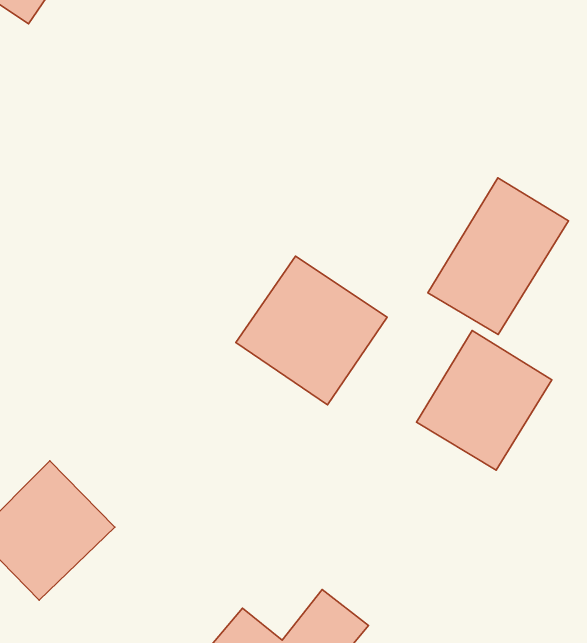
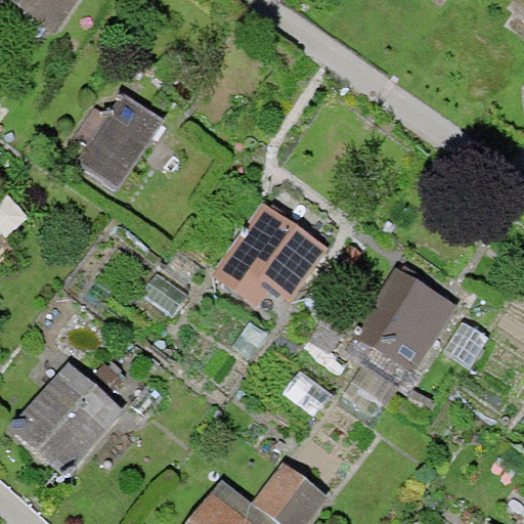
building: none -> [77,87,166,187]
building: [428,178,569,335] -> none

